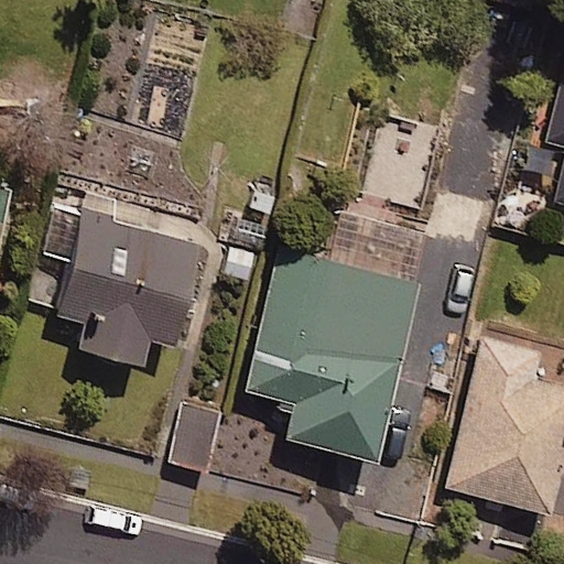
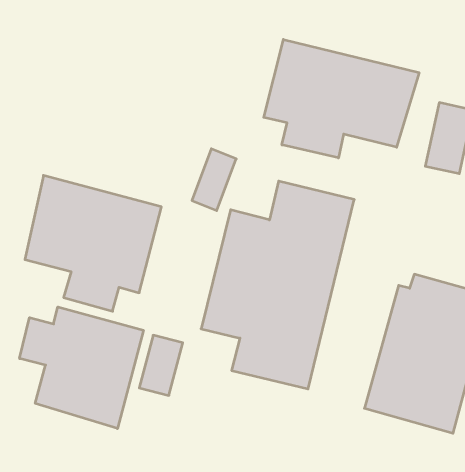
building: none -> [264,39,419,158]
building: none -> [20,307,143,429]

